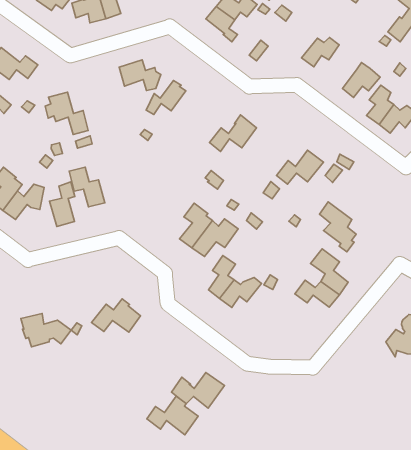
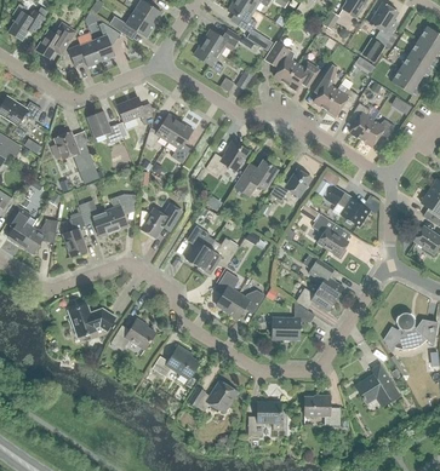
building: none -> [265,42,297,84]
building: none -> [312,63,336,109]
building: none -> [86,110,121,143]
building: none -> [167,122,192,162]
building: none -> [234,160,276,196]
building: none -> [105,194,130,231]
building: none -> [325,186,368,226]
building: none -> [139,203,181,237]
building: none -> [272,301,314,339]
building: [21,314,71,347] -> [67,304,114,335]
building: none -> [354,363,399,407]
building: none -> [303,395,338,425]
building: [147,396,198,435] -> [152,345,199,380]
building: none -> [247,402,282,436]

